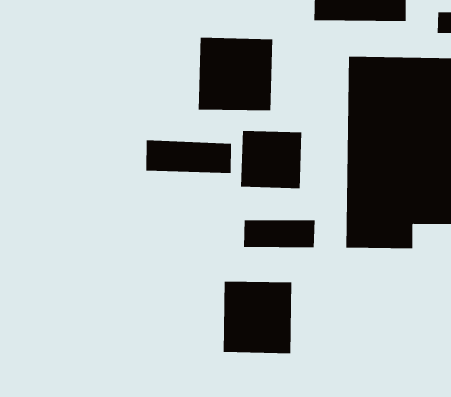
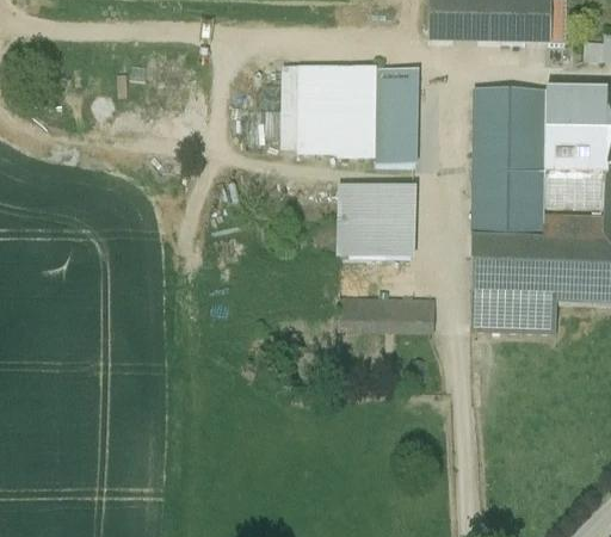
building: none -> [377,66,420,158]
building: [146,140,232,174] -> none
building: [223,281,292,354] -> none

